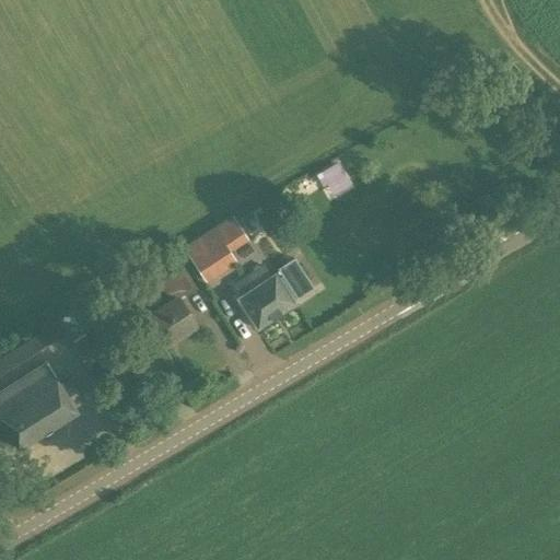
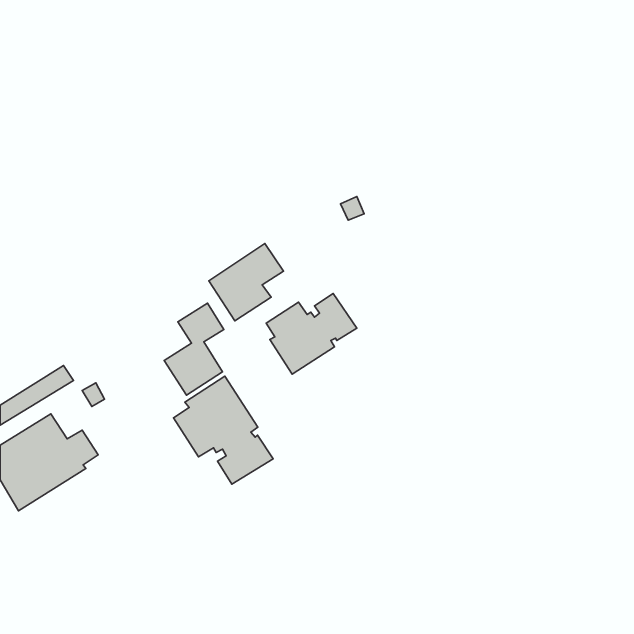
building: [319,161,352,195] -> none
building: none -> [173,376,273,484]

